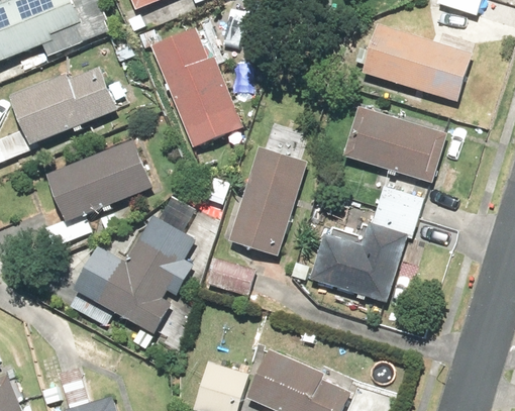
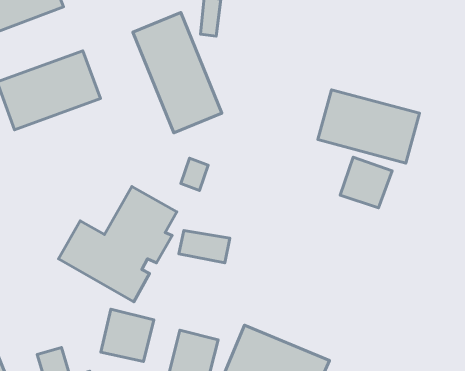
building: [365,33,469,107] -> none
building: [49,143,157,225] -> none
building: [234,150,312,255] -> none
building: [302,219,399,298] -> none
building: none -> [101,309,154,361]

